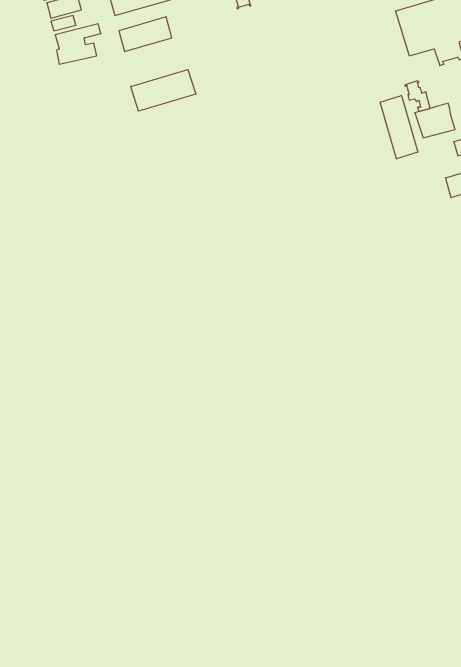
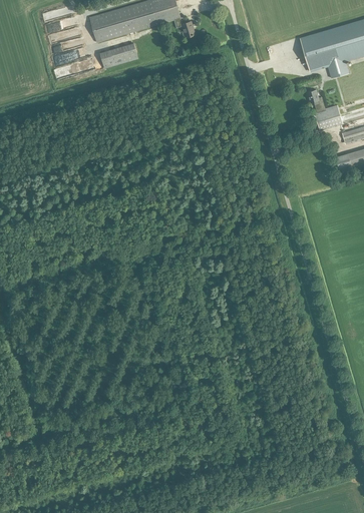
building: [131,70,196,111] -> none
building: [380,95,418,159] -> none

